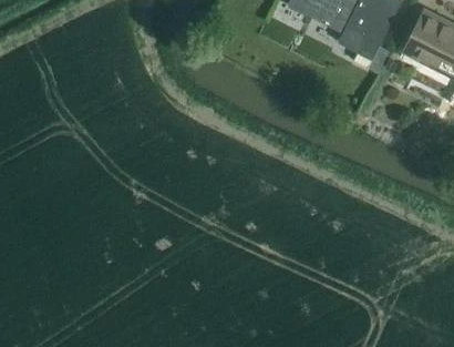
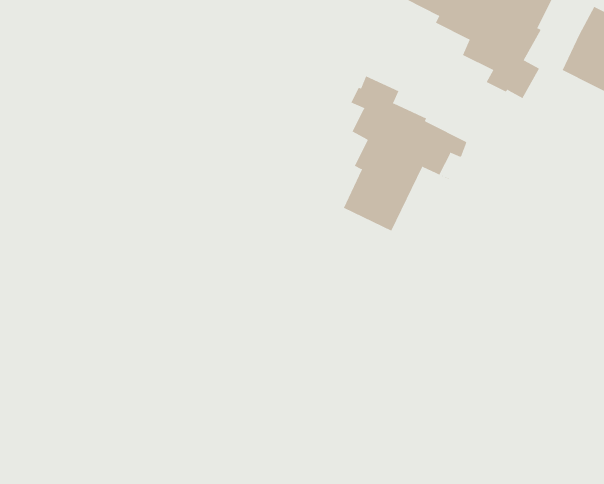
building: none -> [343,75,468,232]

